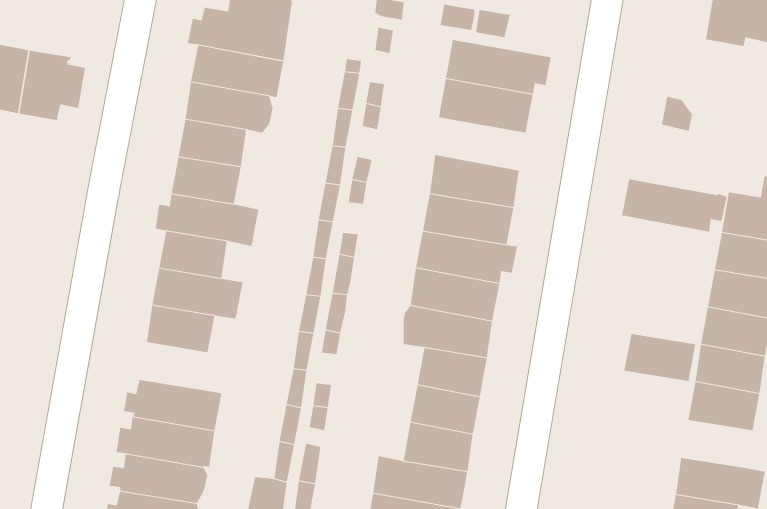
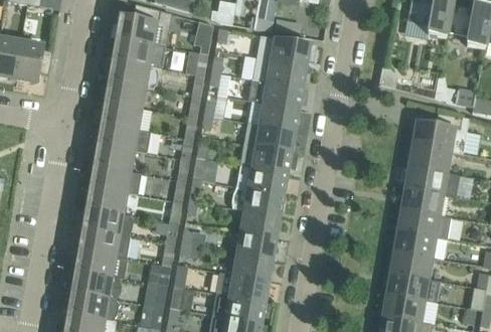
building: [621,179,727,232] -> [249,79,309,110]
building: [624,334,696,381] -> [390,252,432,279]
building: none -> [76,207,132,235]

